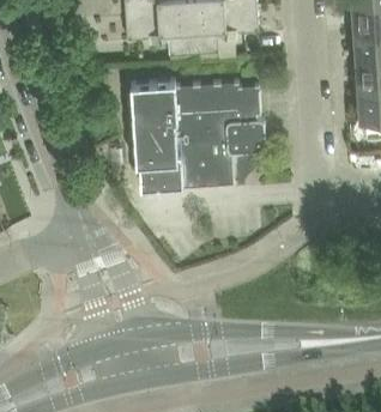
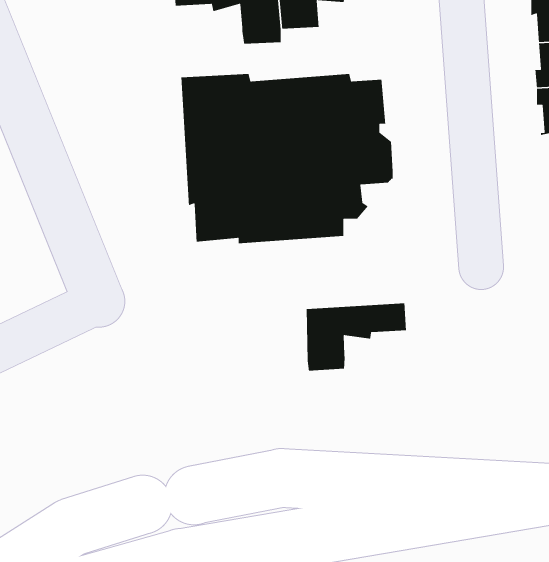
building: none -> [306,303,407,371]

